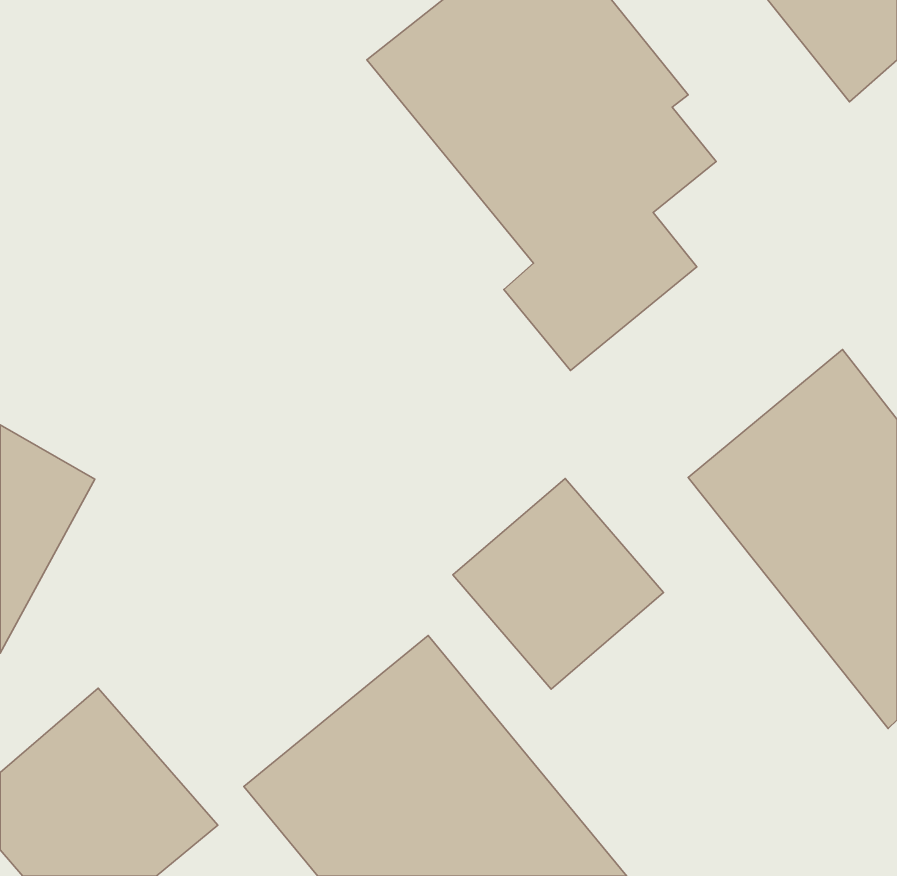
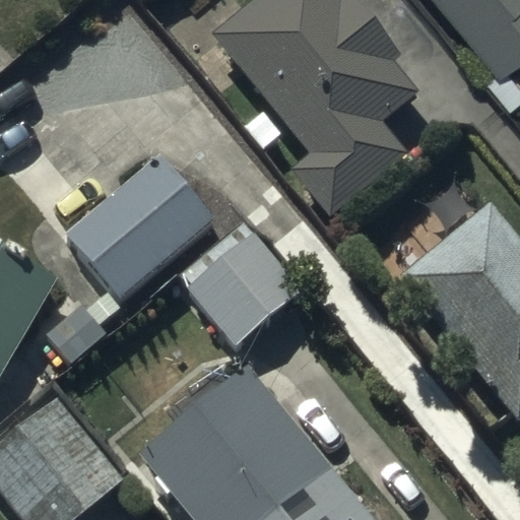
building: none -> [69,155,215,297]
building: [453,478,664,689] -> [179,222,301,344]

